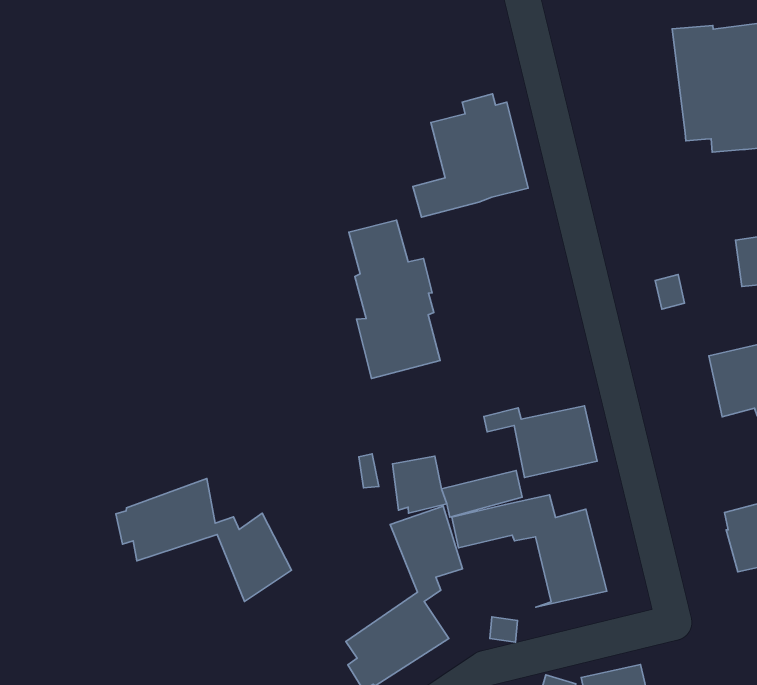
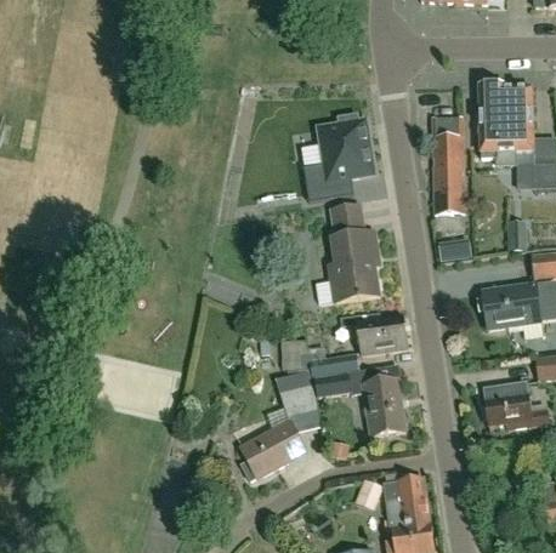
building: none -> [431,116,464,212]
building: [349,220,440,378] -> [329,205,379,302]
building: [116,479,291,602] -> none

